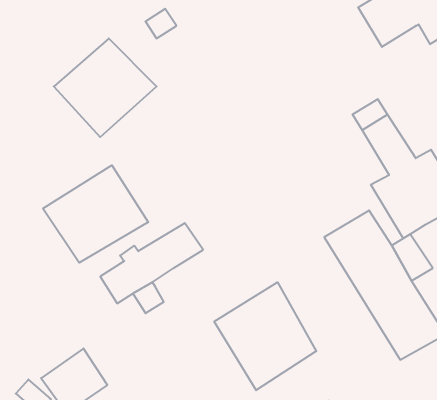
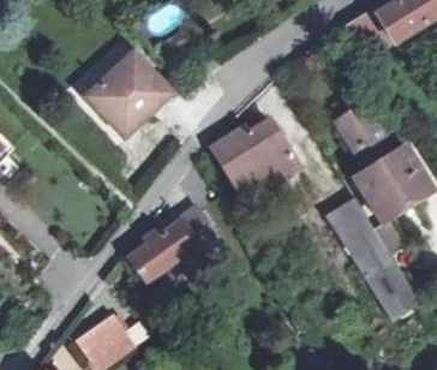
building: none -> [210,118,299,201]
building: [43,165,148,263] -> none
building: [214,282,316,390] -> none

